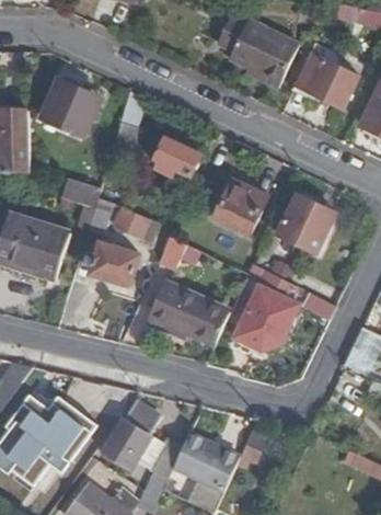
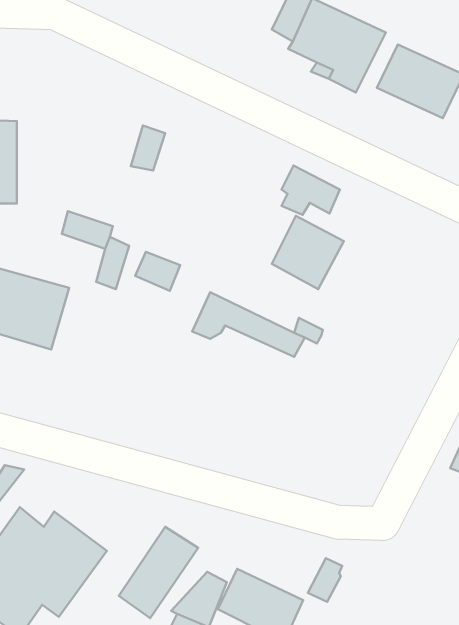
building: [42,79,99,135] -> none
building: [159,138,201,174] -> [281,165,340,215]
building: [279,193,335,251] -> none
building: [89,241,139,284] -> none
building: [233,274,299,357] -> none
building: [145,283,228,344] -> none

